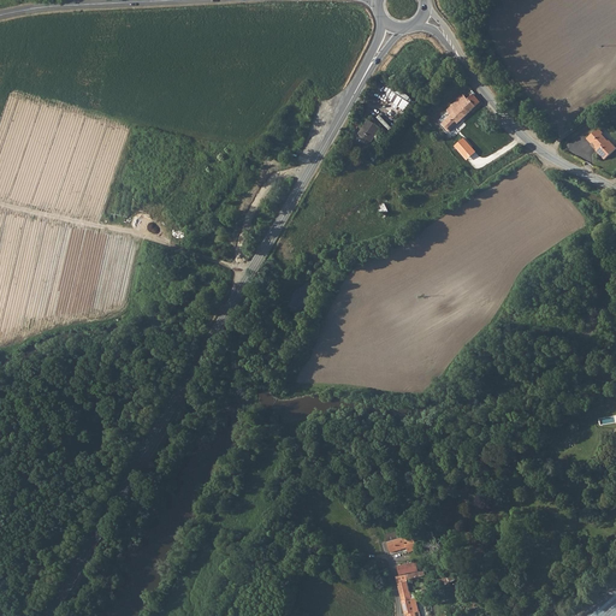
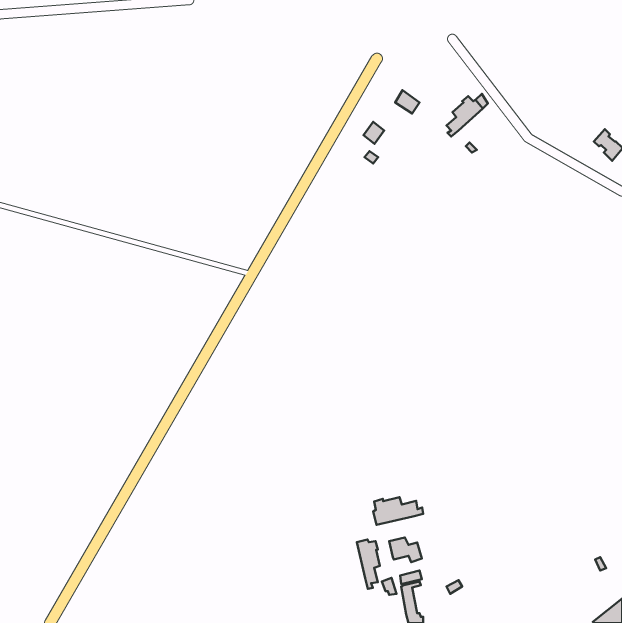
building: none -> [373,497,423,525]
building: none -> [357,539,380,589]

